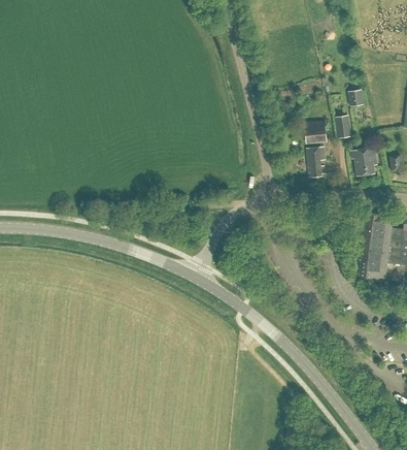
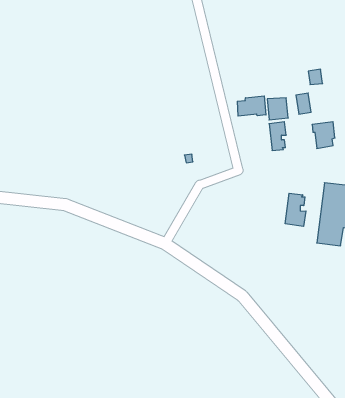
building: none -> [237,96,266,116]
building: none -> [285,193,306,226]

